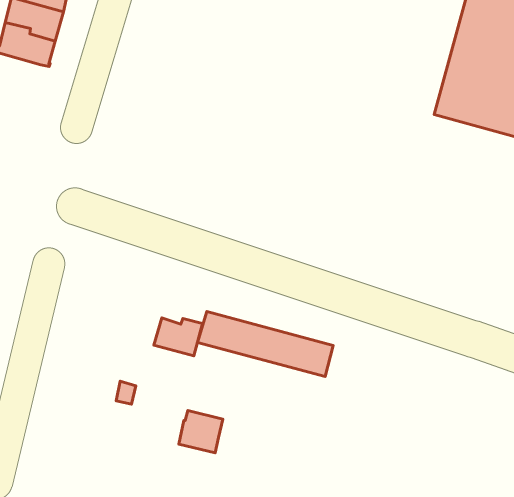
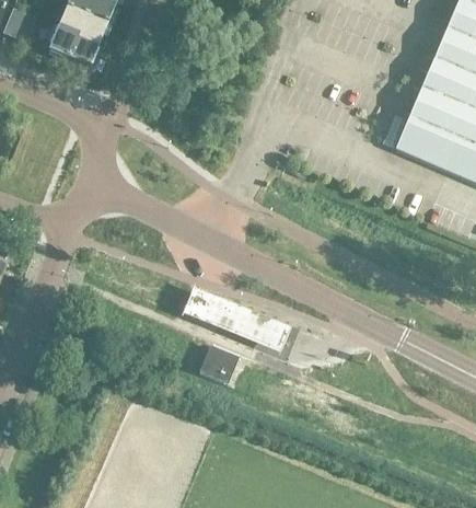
building: [154,318,203,356] -> none
building: [179,411,223,453] -> [199,345,237,382]

